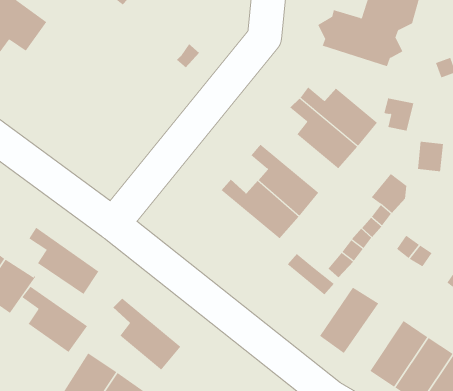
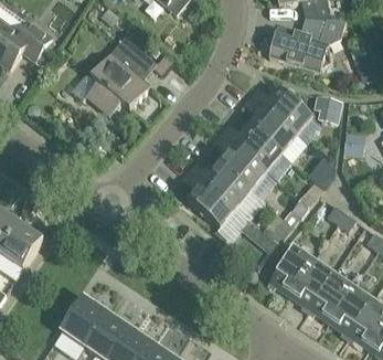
building: none -> [86,38,151,114]
building: none -> [220,123,281,170]
building: [28,227,99,295] -> none
building: [21,286,88,353] -> none
building: [112,298,181,371] -> [181,168,235,225]
building: none -> [286,257,332,310]

